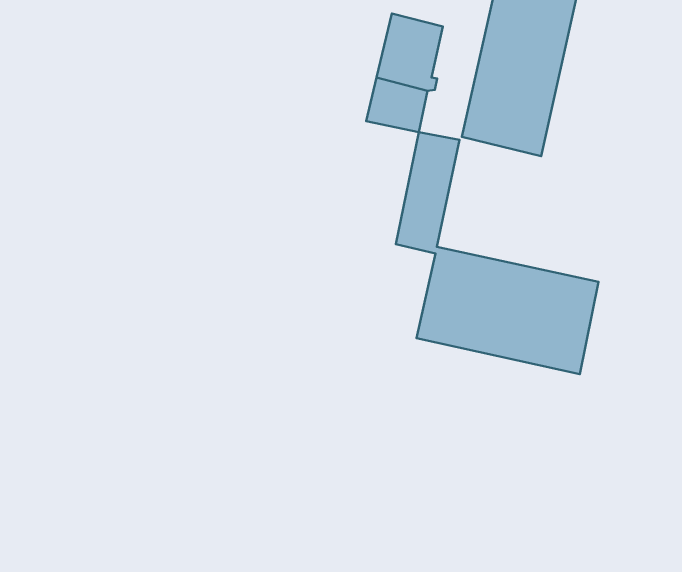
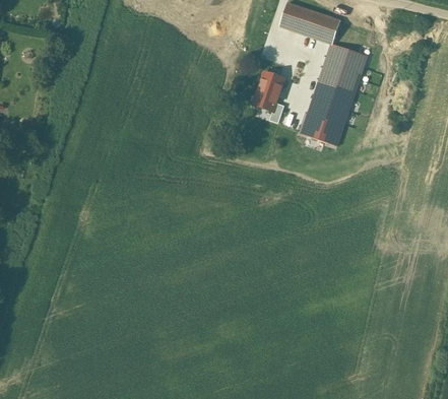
building: [396,132,599,374] -> none

